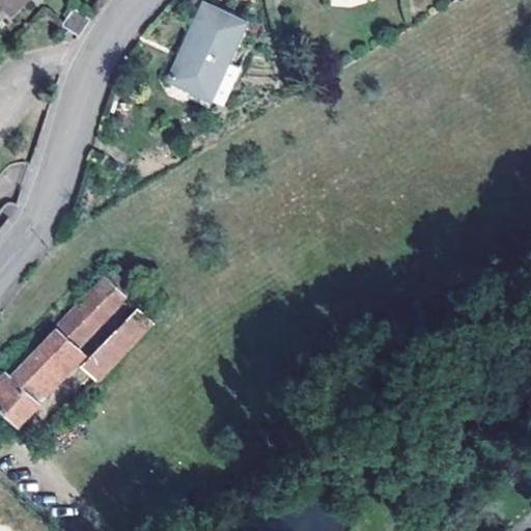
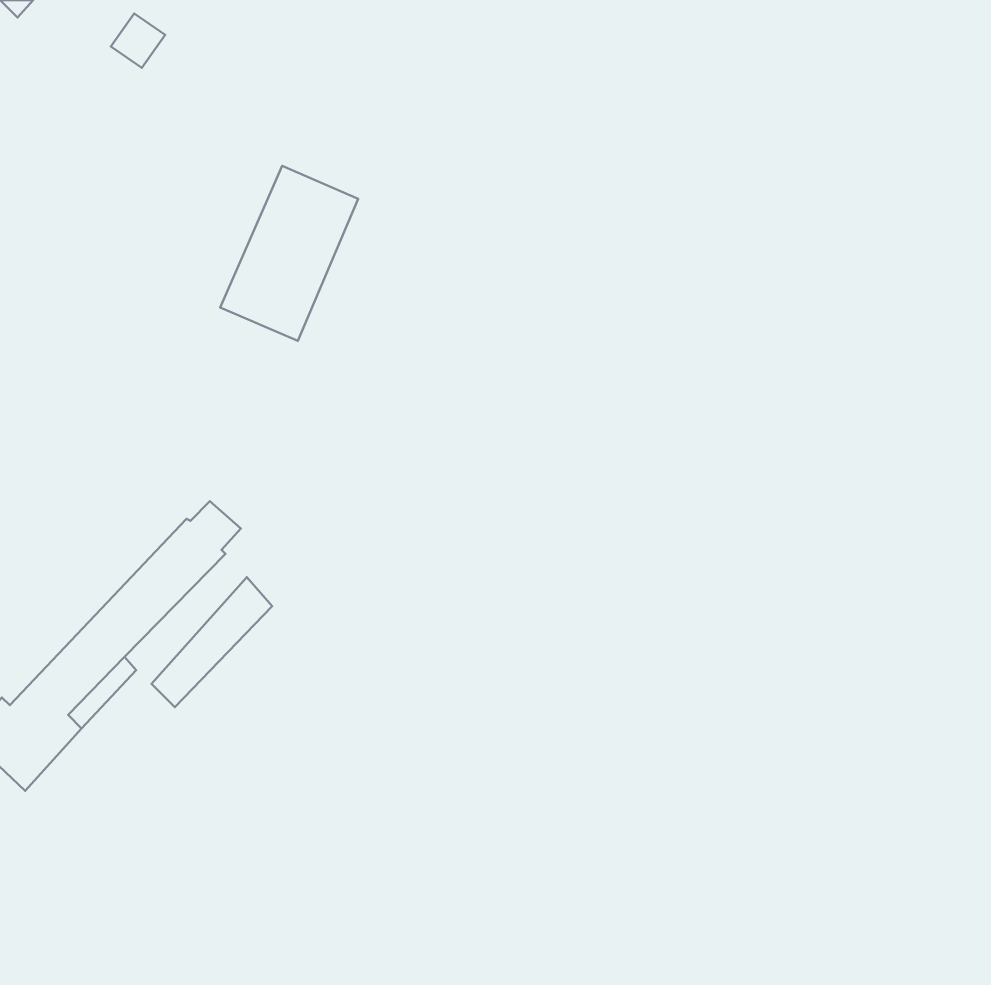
building: [172,8,246,102] -> [220,166,358,341]

